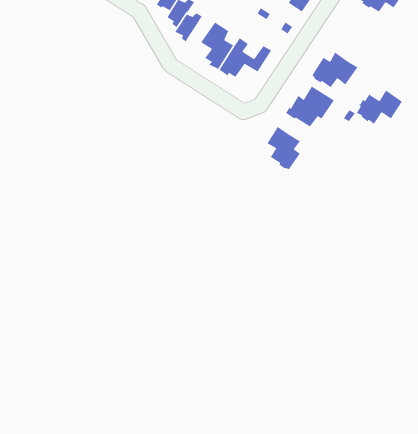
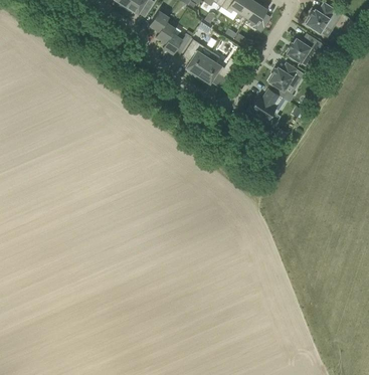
building: [356,90,403,125] -> [286,35,322,62]
building: [266,126,301,170] -> none

